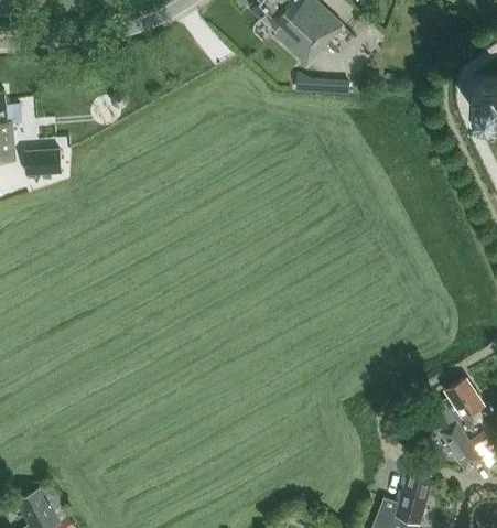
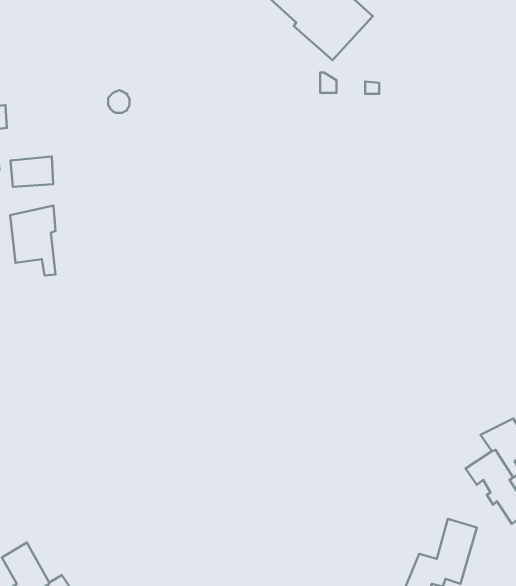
building: none -> [10,205,56,276]

